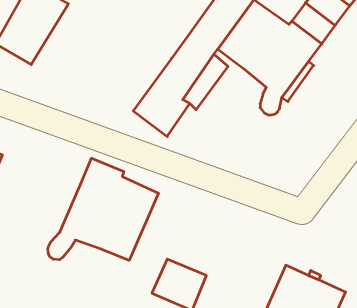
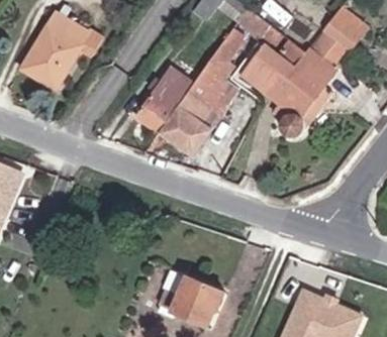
building: none -> [132,67,191,135]
building: [48,158,158,260] -> none

